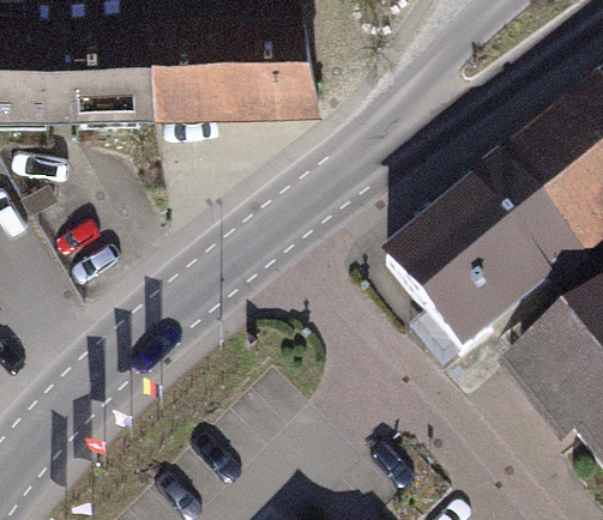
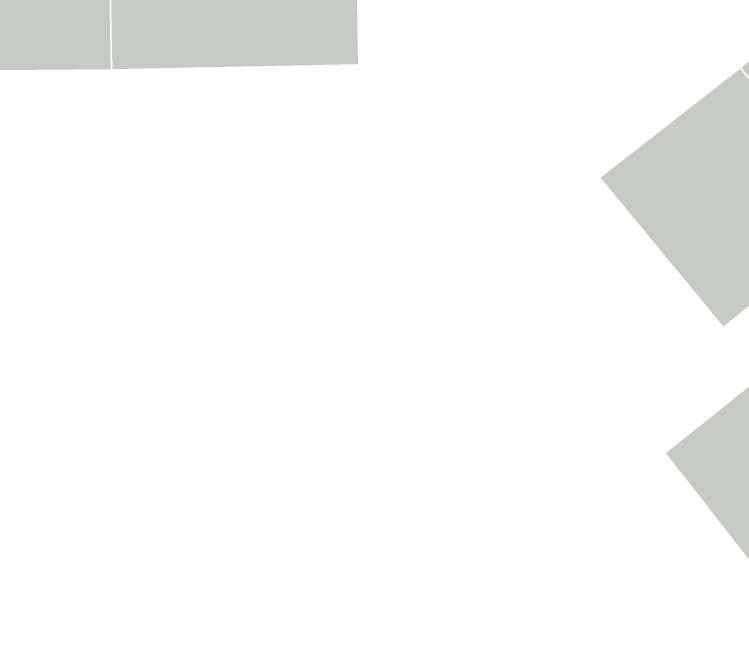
building: [374,179,559,361] -> none

